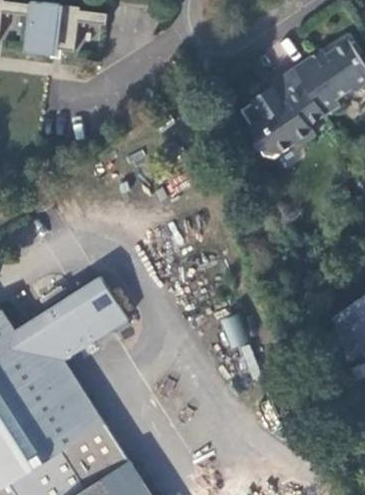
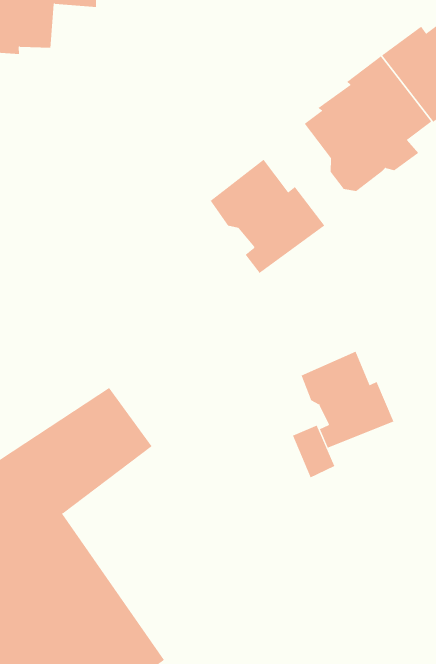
building: none -> [210,159,325,274]
building: none -> [301,351,394,449]

